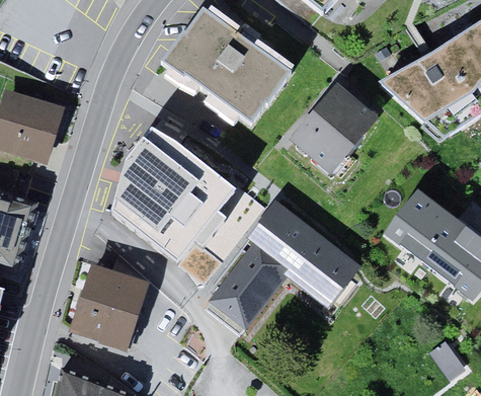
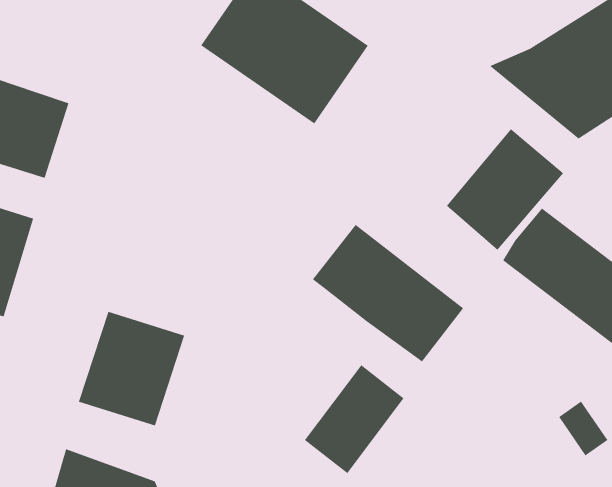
building: [287,82,375,173] -> [446,128,564,251]
building: [107,121,263,279] -> none
building: [209,247,284,329] -> [304,364,405,474]

